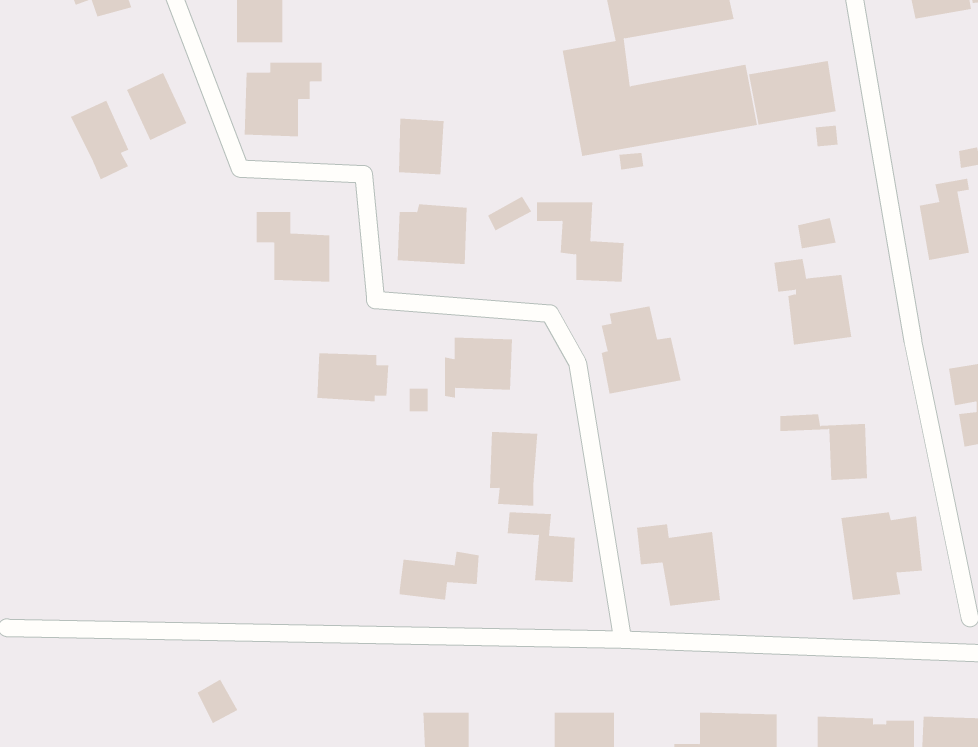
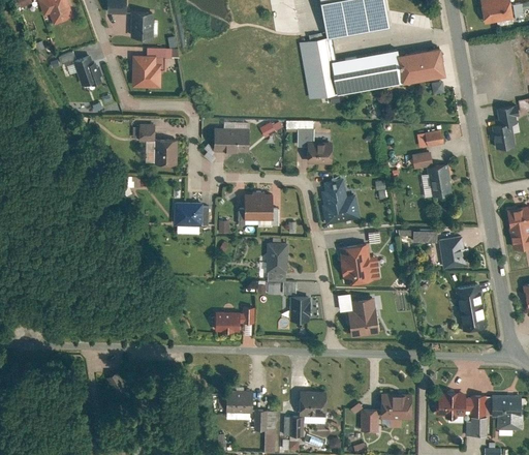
building: [70,100,129,180] -> none
building: [399,118,444,175] -> none
building: none -> [339,246,380,287]

